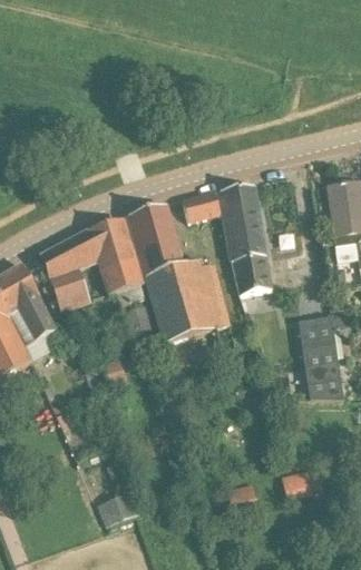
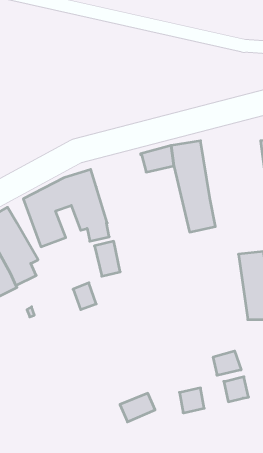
building: [127,203,233,342] -> none
building: none -> [213,351,241,375]
building: [98,490,140,524] -> [120,393,155,422]

